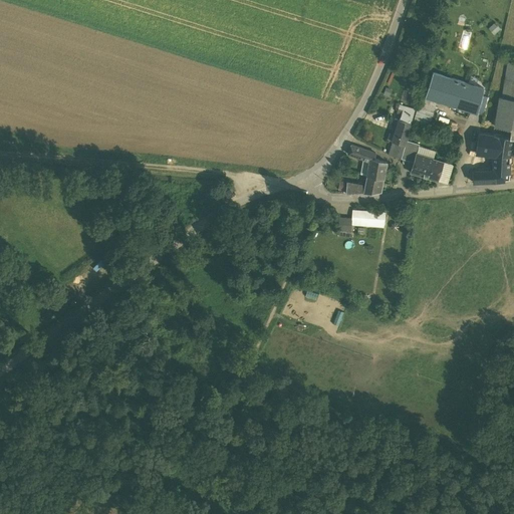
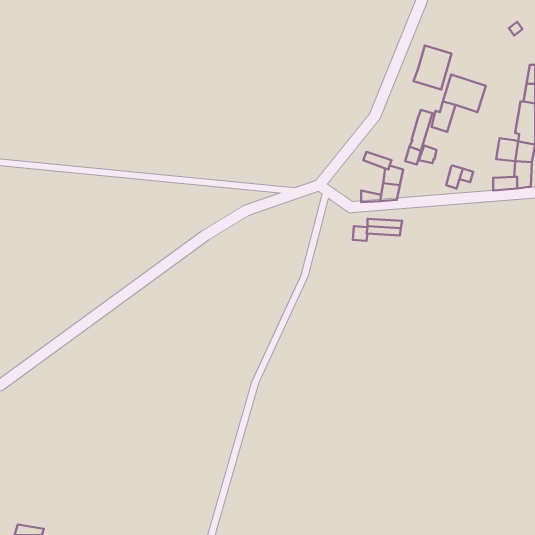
building: none -> [414,46,451,90]
building: [458,82,484,113] -> none
building: [410,153,433,178] -> none

